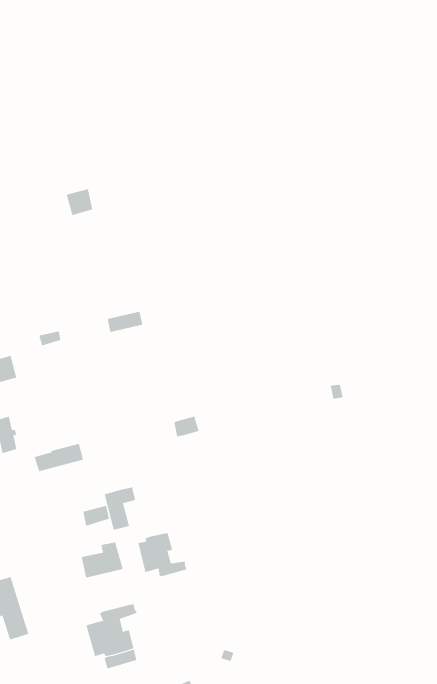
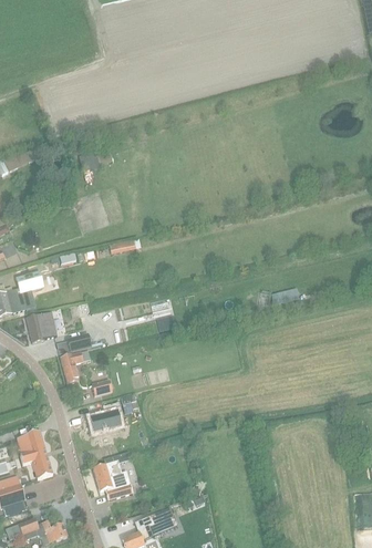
building: [104,487,136,531] -> [60,352,83,384]
building: [138,533,187,577] -> none

